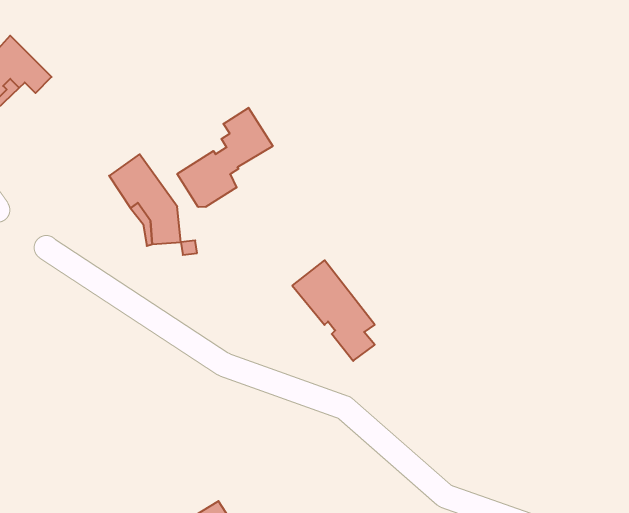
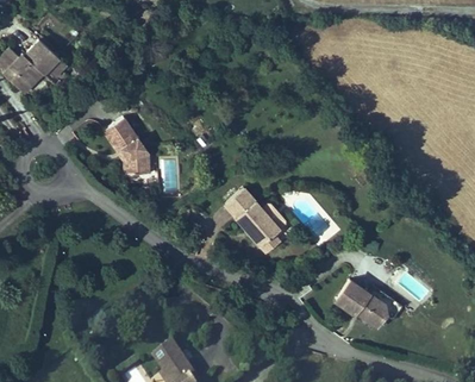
building: [177,108,273,207] -> none
building: none -> [332,277,399,322]

